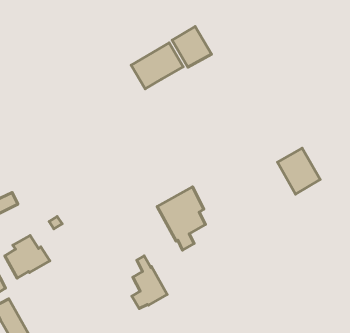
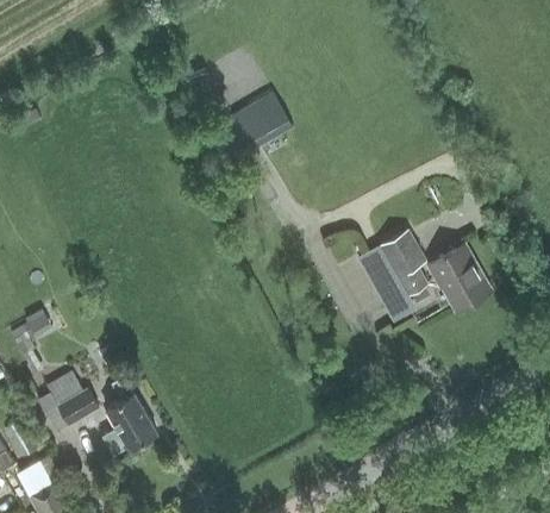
building: [172,27,211,67] -> none
building: [157,187,206,250] -> [358,230,429,321]
building: [132,256,167,309] -> [106,377,157,453]

